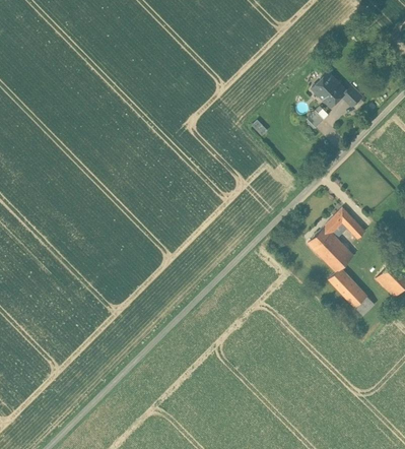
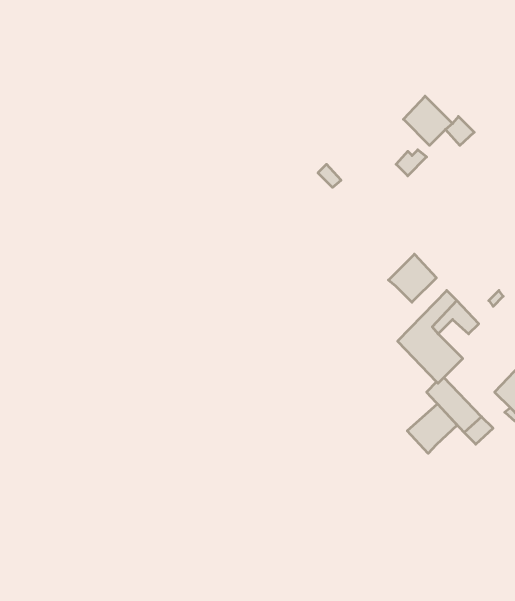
building: none -> [388,254,436,302]
building: none -> [407,404,457,453]

